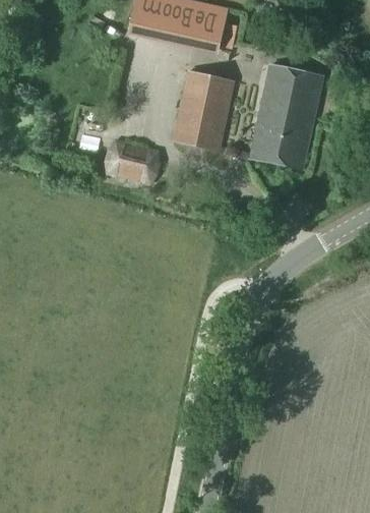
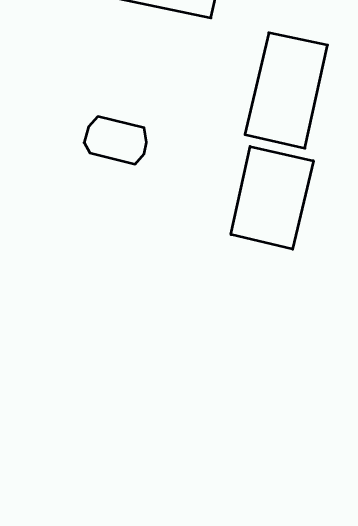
building: [173,70,234,150] -> none
building: none -> [231,146,313,249]

